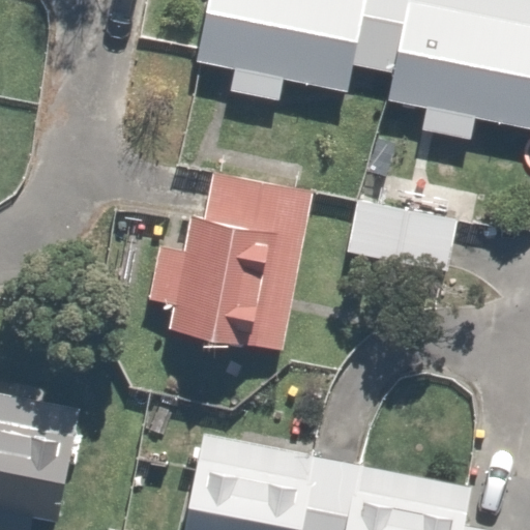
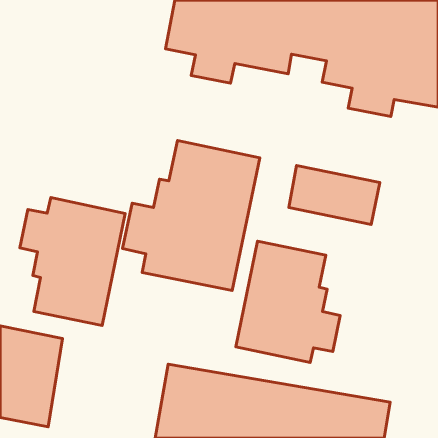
building: none -> [20,198,125,325]
building: none -> [236,241,340,363]

